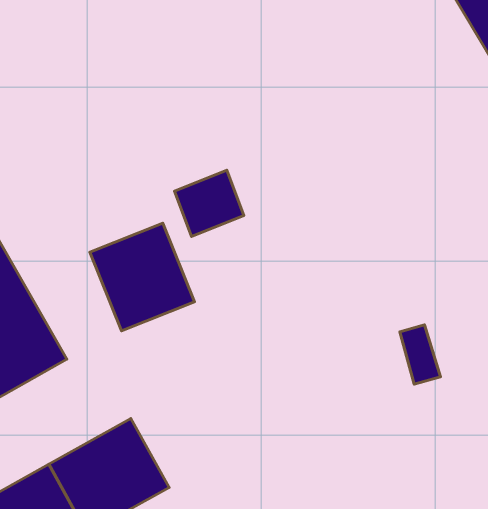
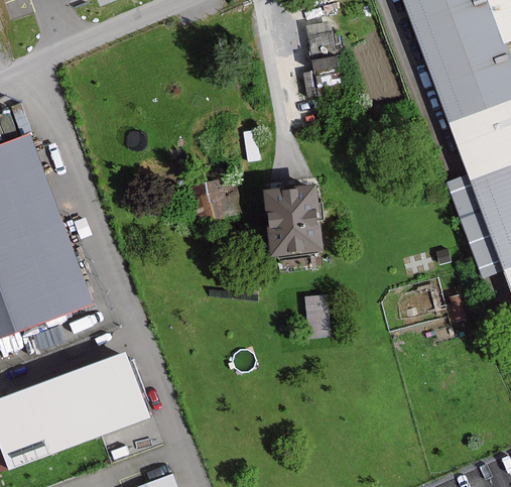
building: none -> [267,190,320,253]
building: [90,223,194,331] -> none
building: [400,325,440,384] -> [304,290,330,335]

